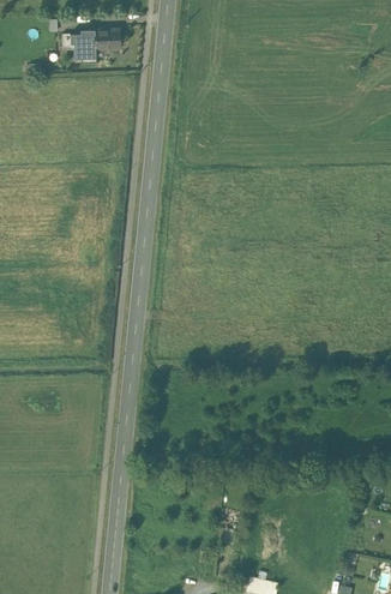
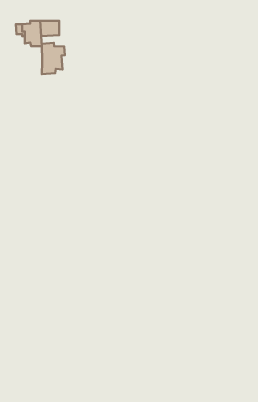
building: none -> [42,43,65,74]

